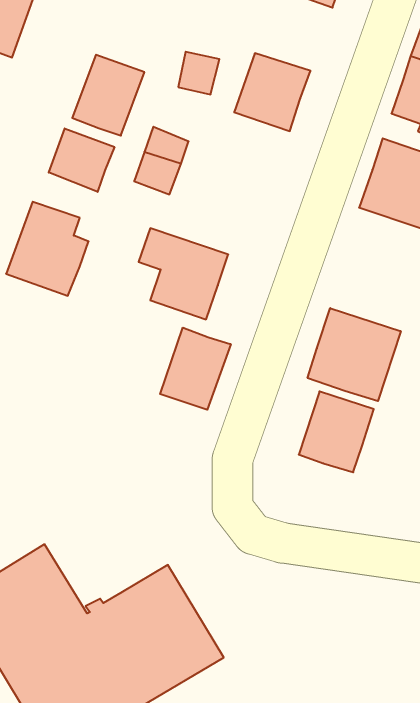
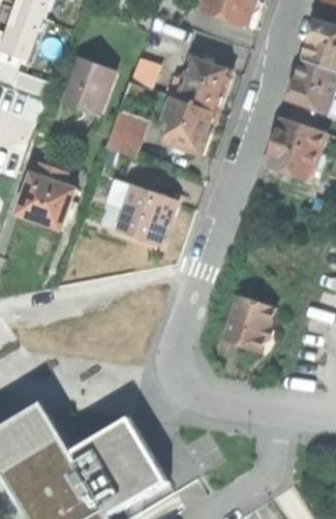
building: none -> [162,98,214,154]
building: [49,128,114,192] -> none
building: [308,308,401,401] -> none
building: [160,328,231,410] -> none

